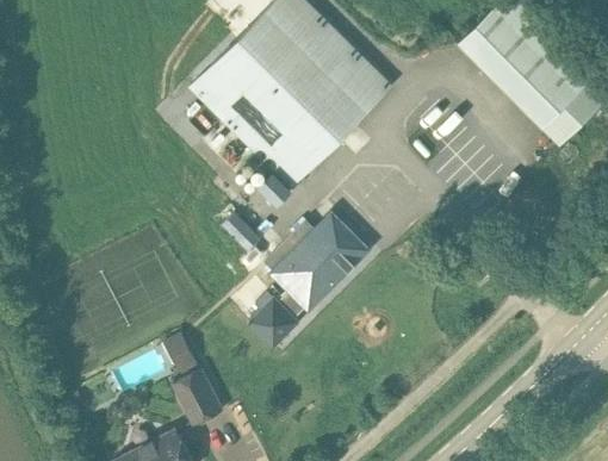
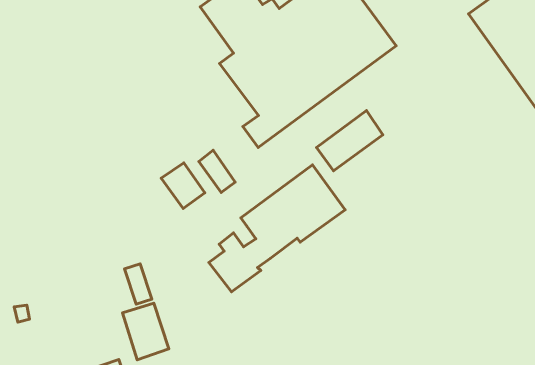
building: none -> [316,111,383,171]
building: none -> [161,163,205,208]

